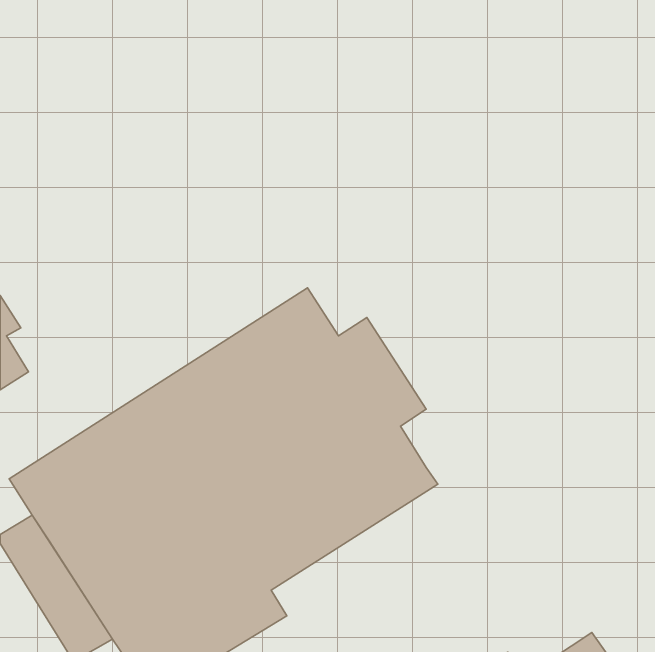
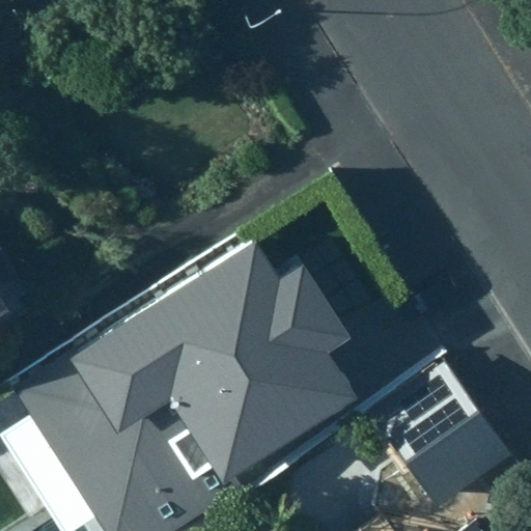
building: none -> [383,370,512,505]

